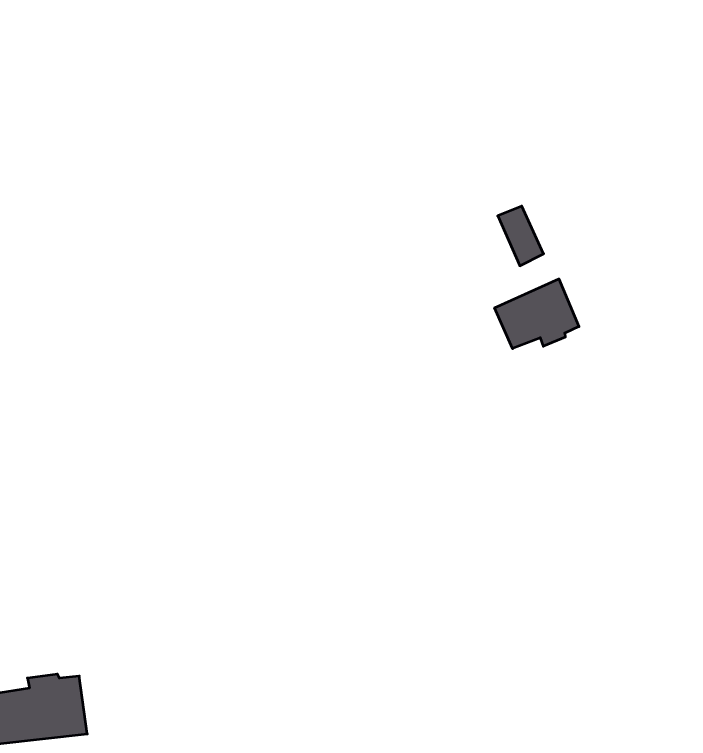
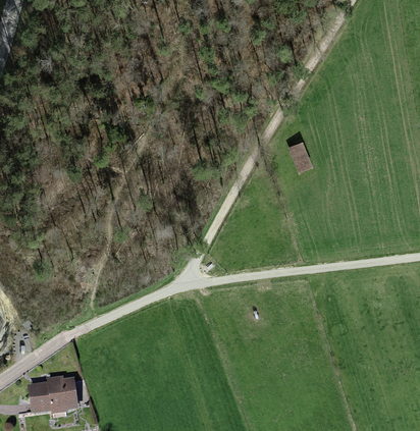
building: [495,279,579,349] -> none

